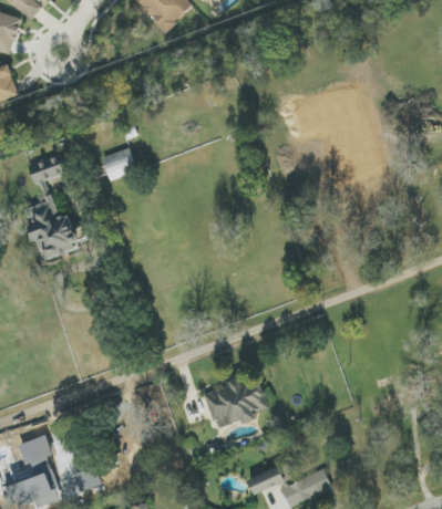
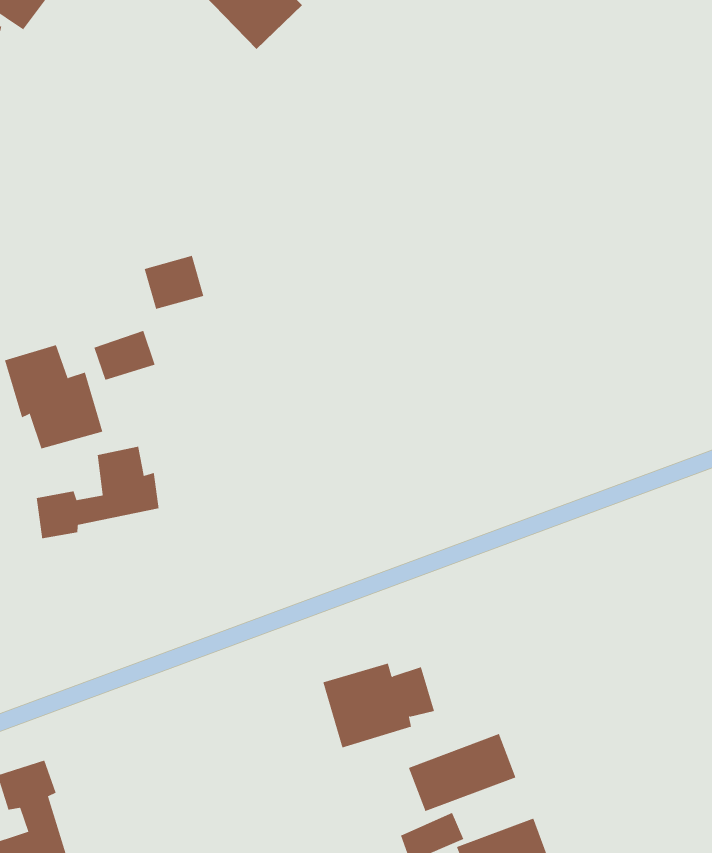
building: [30,154,65,183] -> [93,330,155,380]
building: none -> [36,446,159,539]
building: none -> [408,733,516,812]

